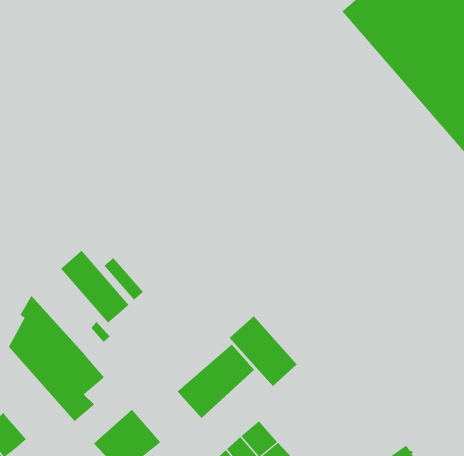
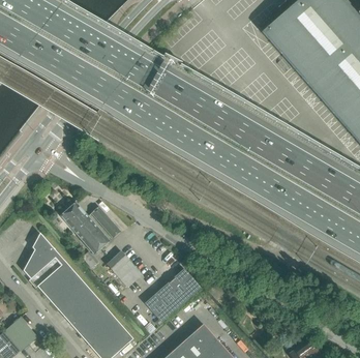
building: [229,316,298,387] -> none
building: none -> [107,250,142,286]
building: none -> [70,292,112,339]

